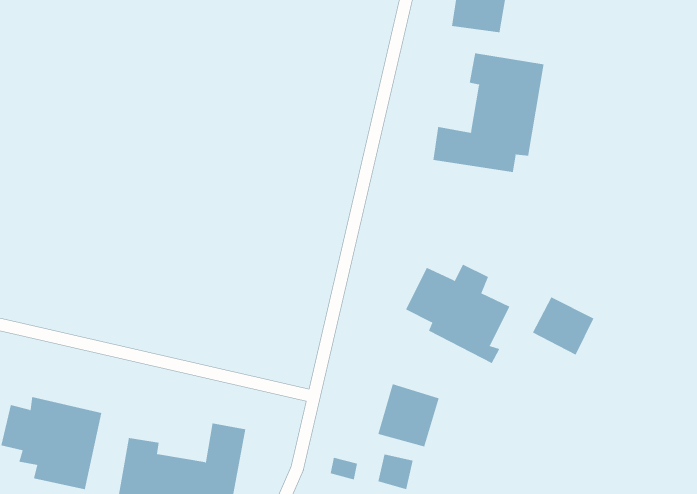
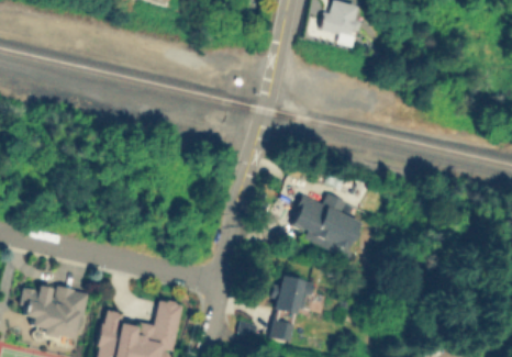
building: [433,52,544,173] -> none
building: [532,297,594,355] -> none

